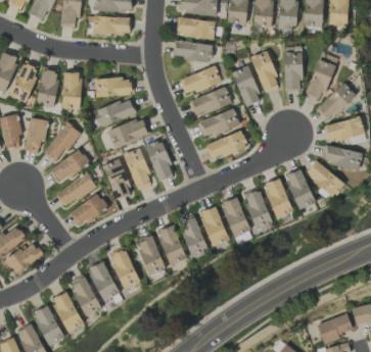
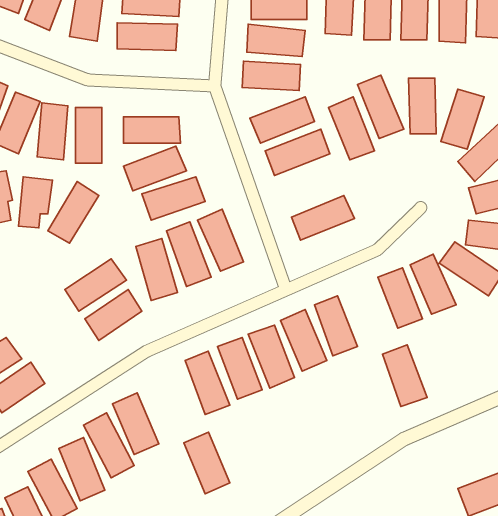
building: [198,108,240,140] -> none
building: [51,149,89,183] -> none
building: [243,190,273,231] -> [382,345,427,407]
building: [109,249,140,290] -> [184,432,230,494]

